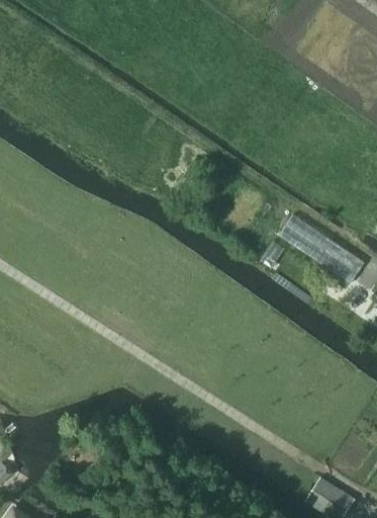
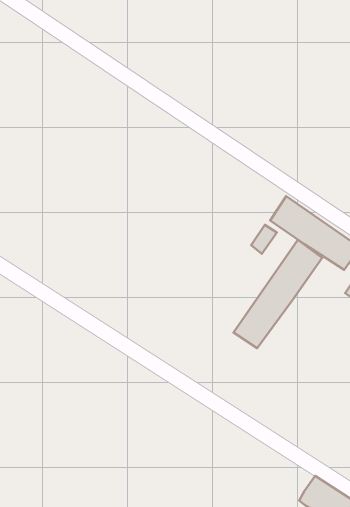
building: none -> [234,240,322,348]

